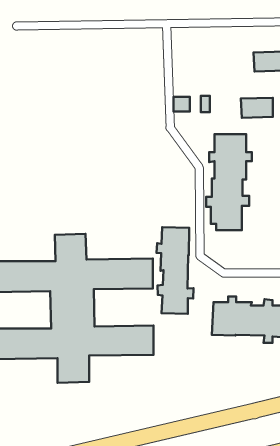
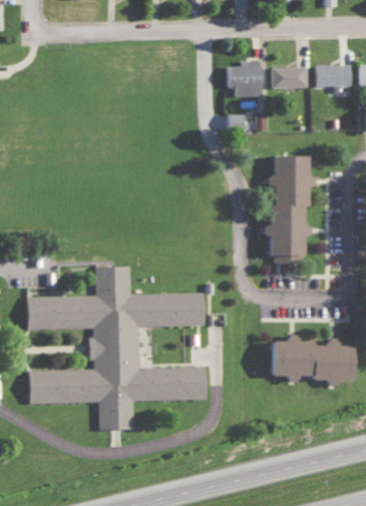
building: none -> [227,60,263,96]
building: [241,98,273,118] -> [273,66,308,88]
building: [157,227,194,314] -> none

